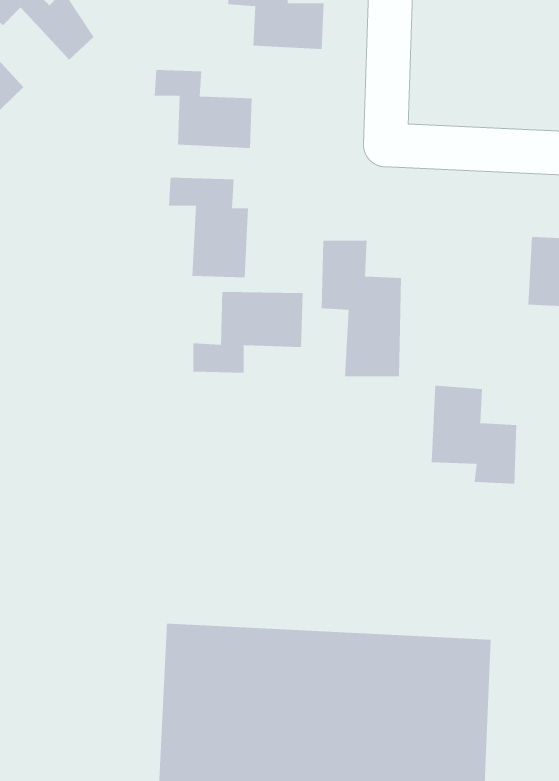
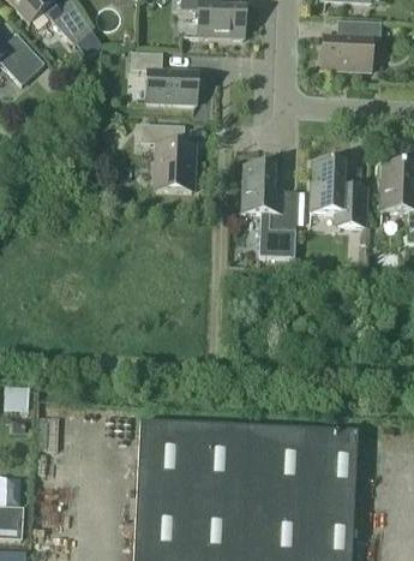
building: none -> [322,19,382,71]
building: [193,291,303,374] -> none
building: [431,385,517,484] -> [310,160,367,226]

